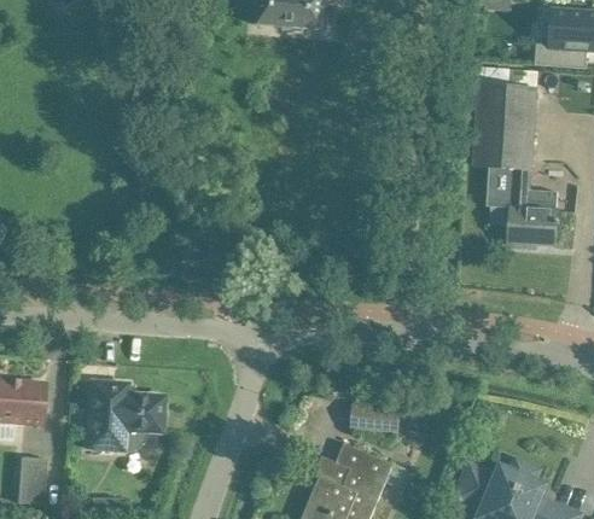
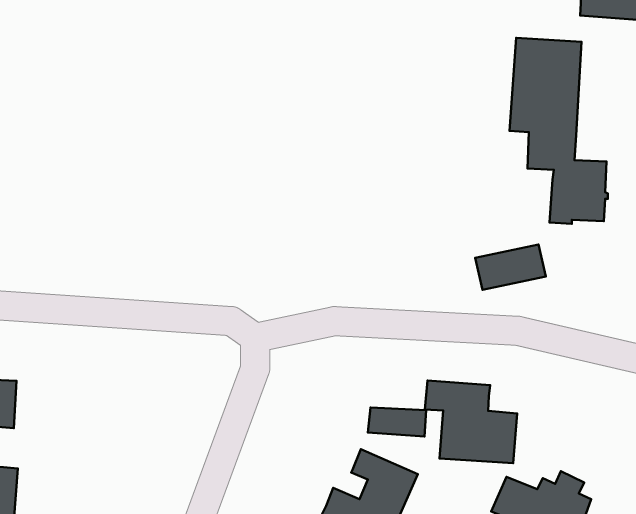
building: none -> [475,245,546,290]
building: [85,380,164,450] -> none
building: none -> [425,381,517,463]

